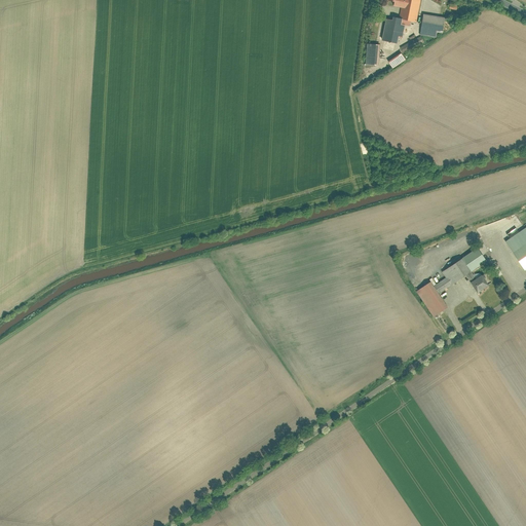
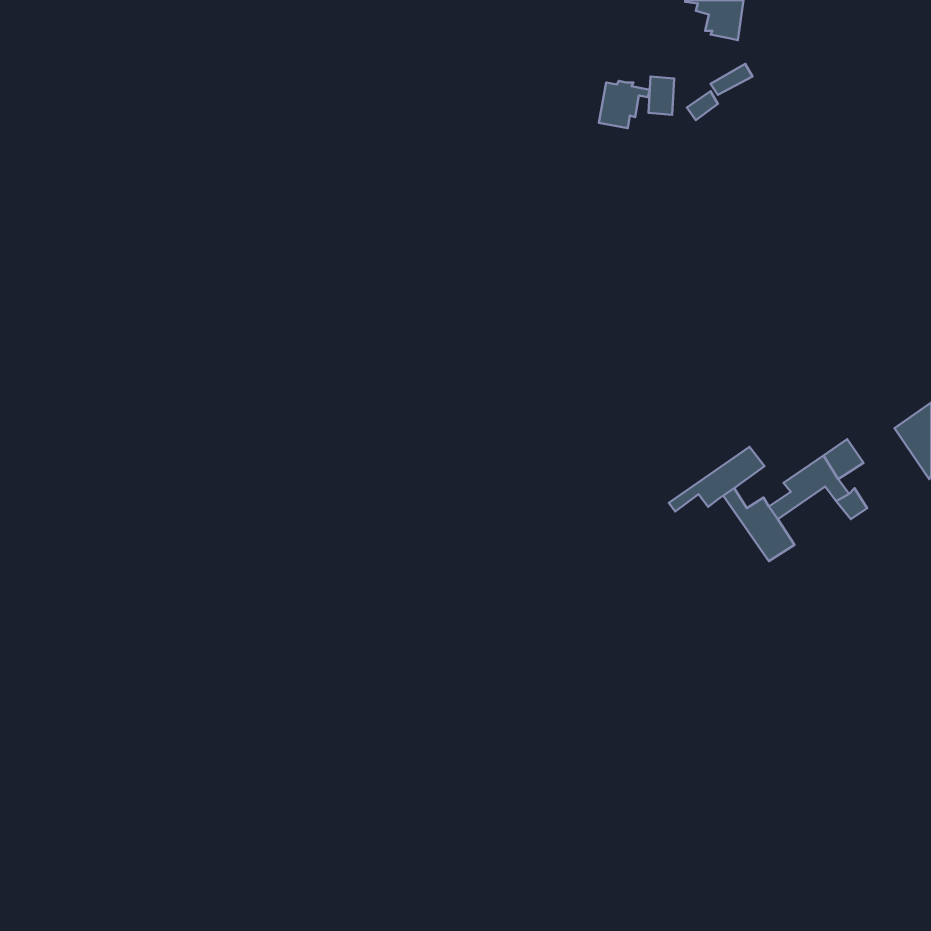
building: [420,13,446,37] -> none
building: [382,16,411,43] -> [599,81,650,128]
building: none -> [669,447,764,511]

